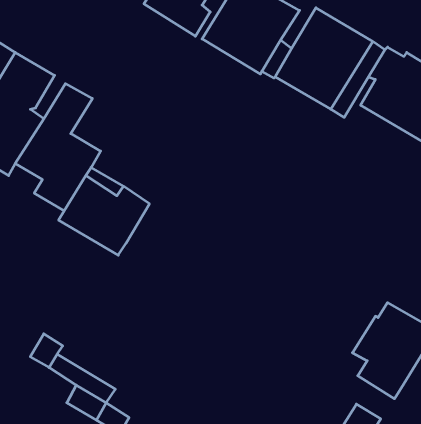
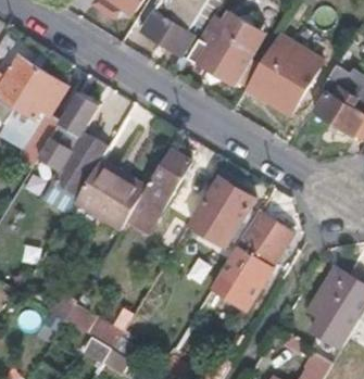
building: none -> [126,148,191,232]
building: none -> [186,175,255,250]
building: none -> [211,211,292,308]

